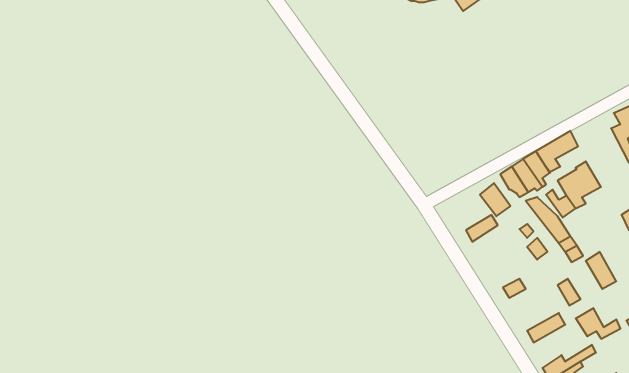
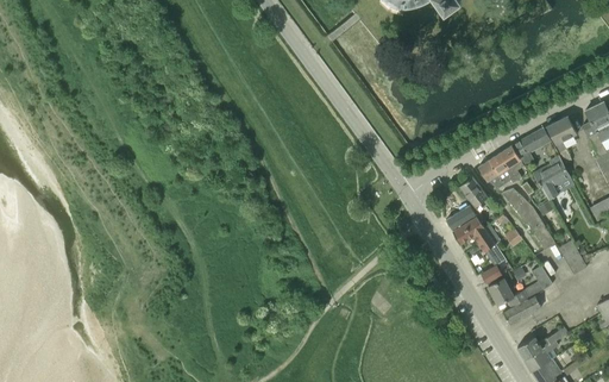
building: none -> [546,115,577,163]
building: none -> [453,217,501,252]
building: [576,308,620,339] -> [488,278,529,307]

